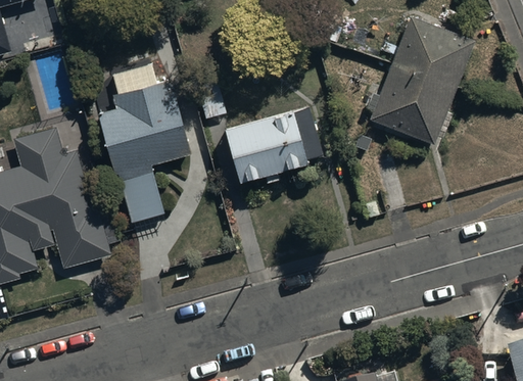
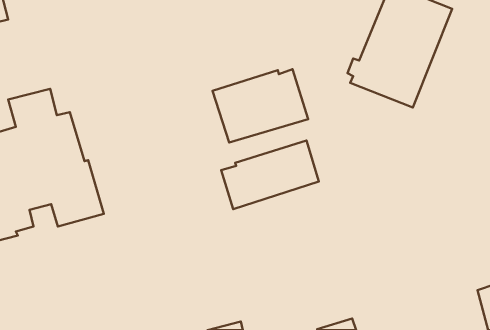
building: [99,80,192,223] -> none
building: none -> [221,141,319,209]

